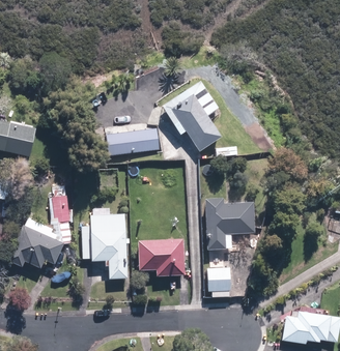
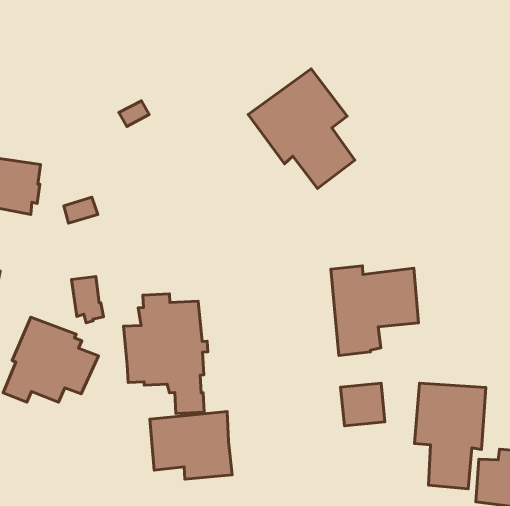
building: [106,128,159,155] -> none
building: [138,238,185,276] -> [150,411,232,479]
building: none -> [414,383,486,489]

